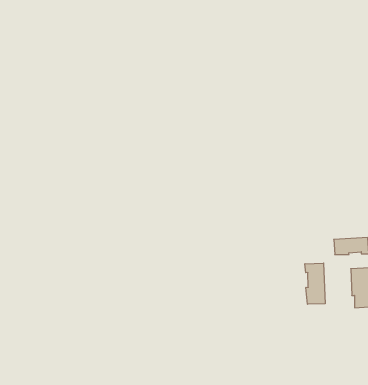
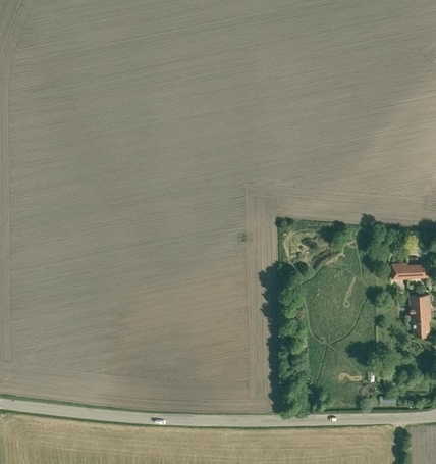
building: [305,263,325,304] -> none

